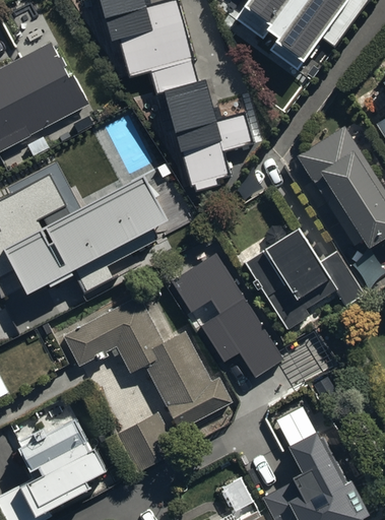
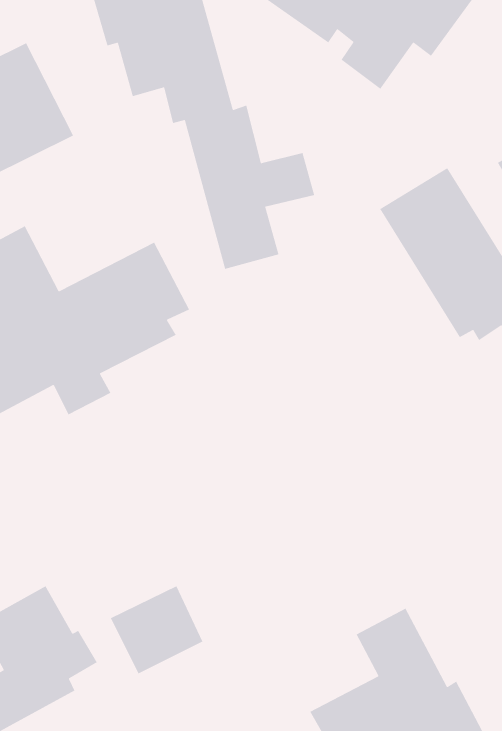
building: [245,224,365,331] -> none
building: [171,254,285,381] -> none
building: [63,296,233,429] -> none

